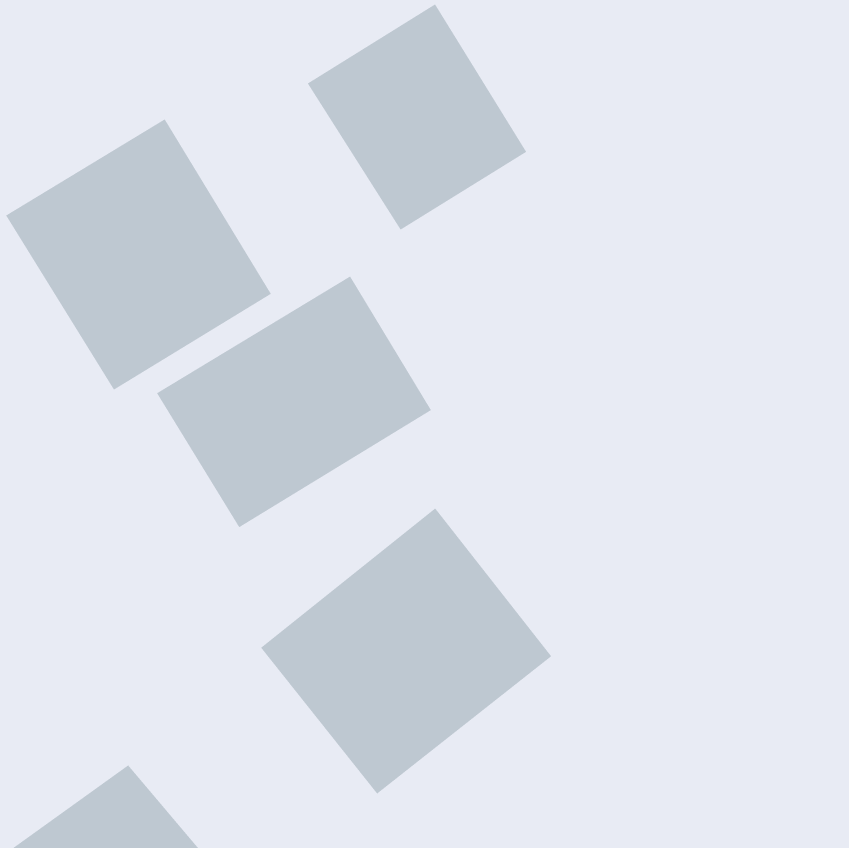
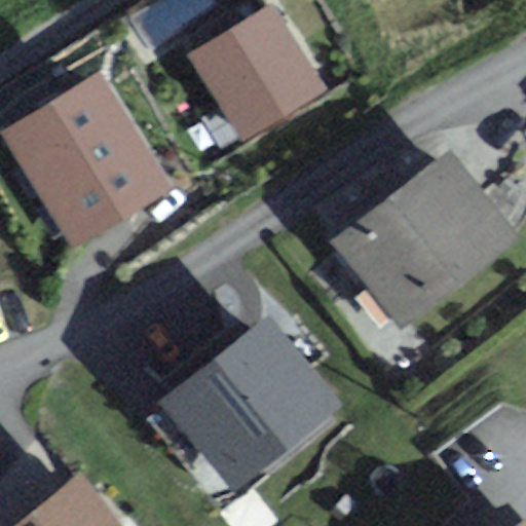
building: none -> [339,157,513,324]
building: [156,276,432,528] -> none

